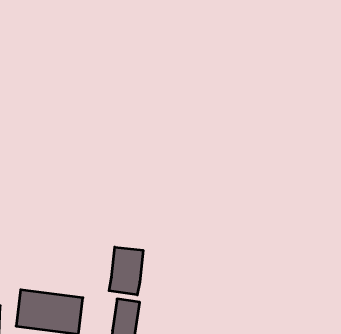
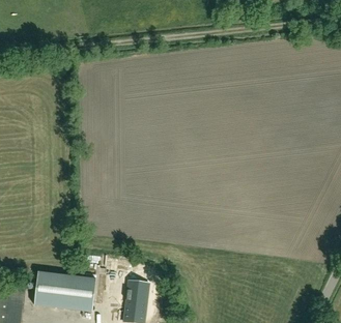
building: [109,247,143,295] -> none

